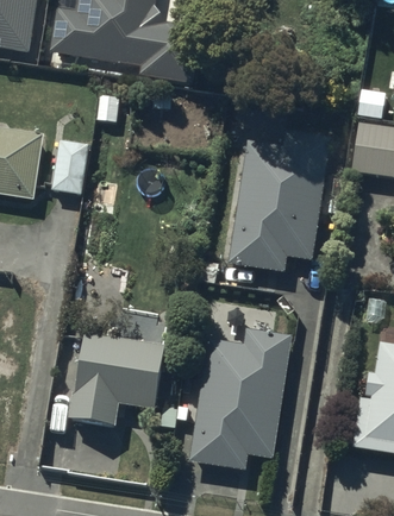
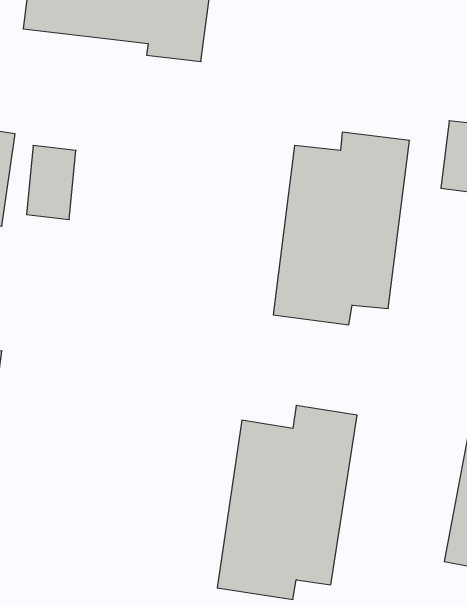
building: [70,339,165,430] -> none

